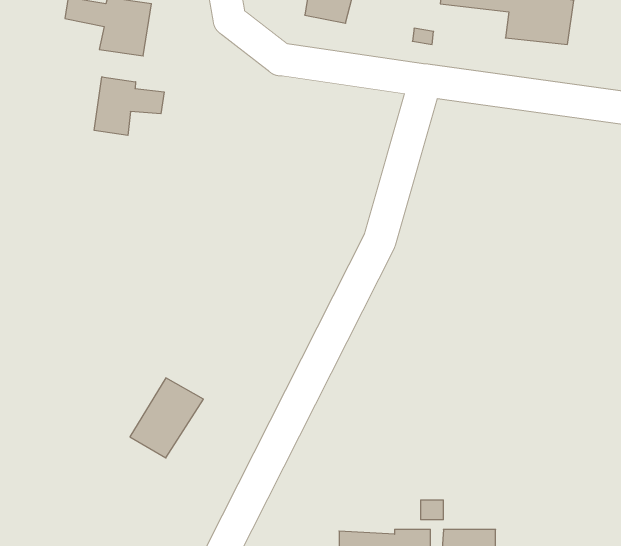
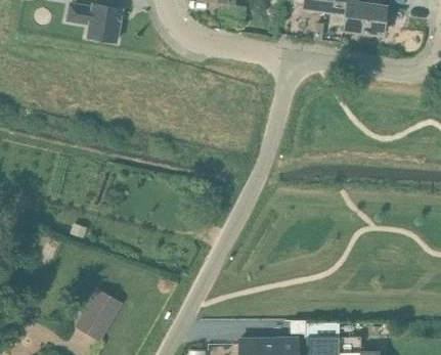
building: [94,77,164,135] -> none
building: [130,378,203,458] -> [76,289,122,339]

